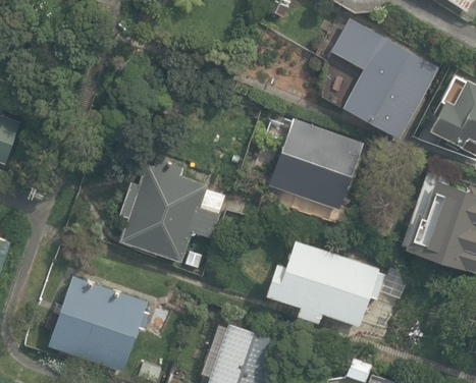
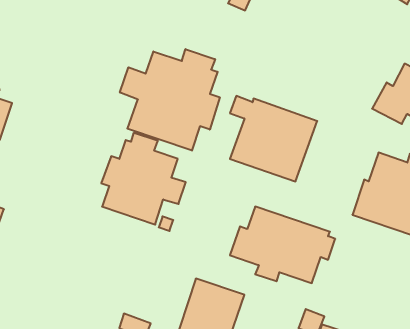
building: [328,18,437,141] -> none
building: none -> [120,49,220,151]
building: [50,276,149,371] -> none

